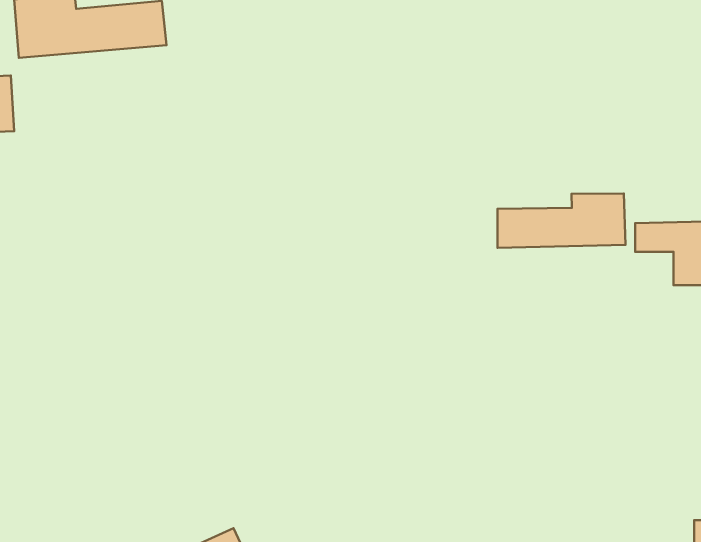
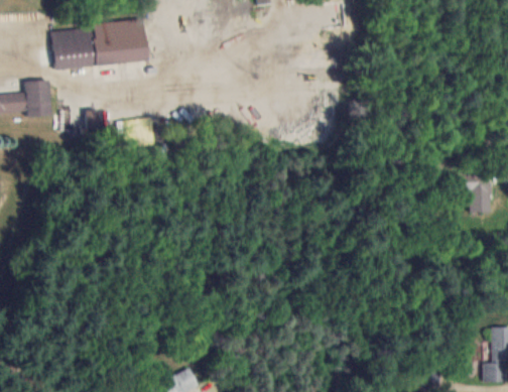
building: [497,194,625,248] -> none

